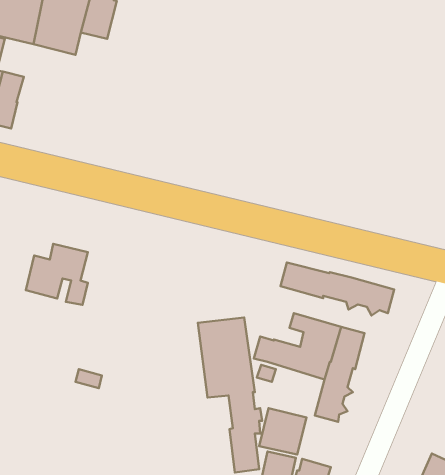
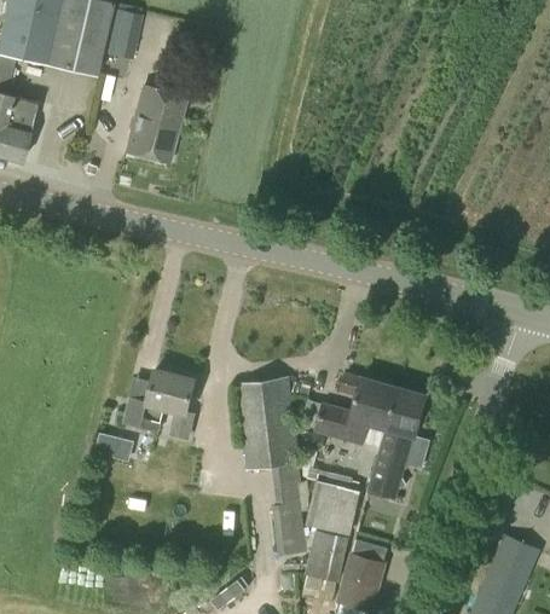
building: none -> [126,86,185,161]
building: [26,244,88,305] -> [123,369,195,439]
building: [280,263,394,316] -> none

